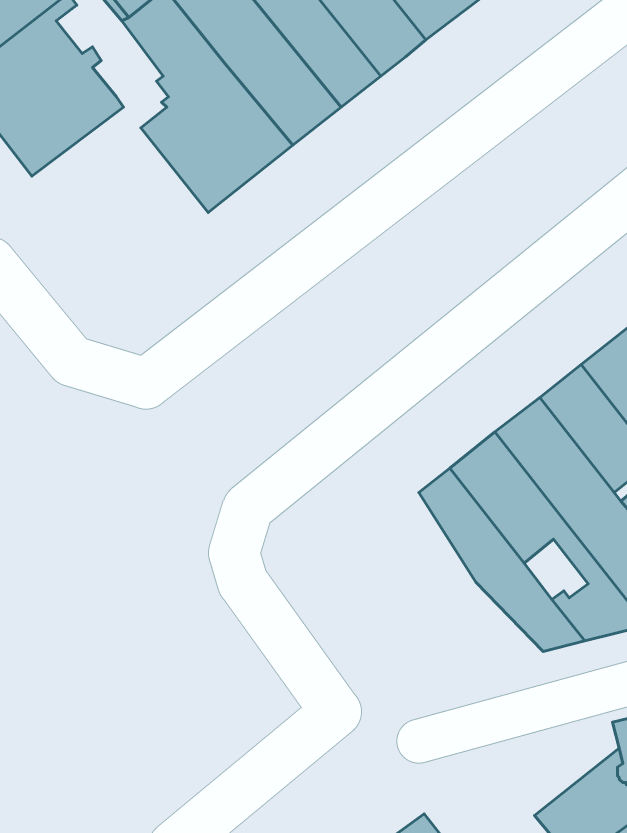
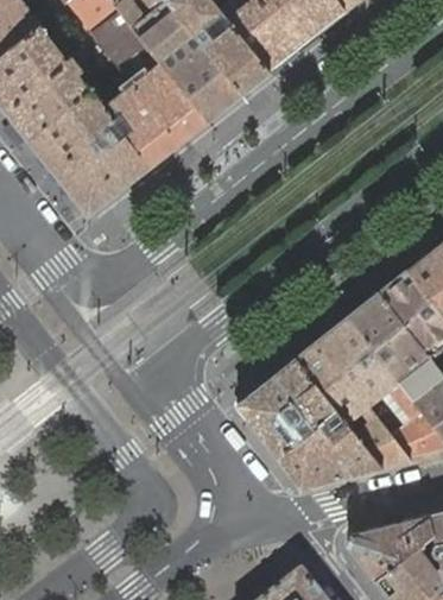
building: none -> [30,93,151,214]
building: none -> [238,358,381,486]
building: none -> [348,516,433,580]

